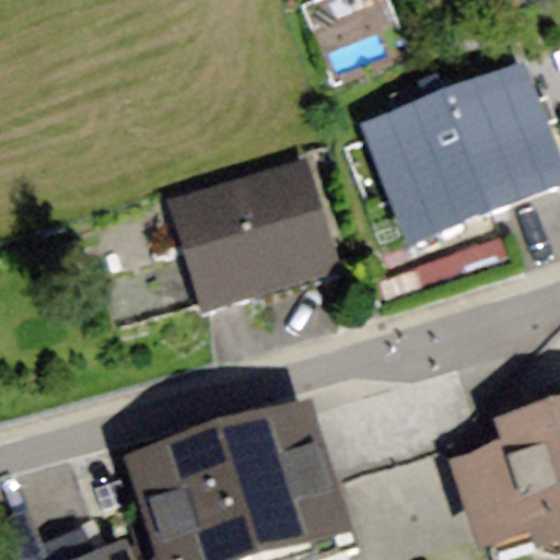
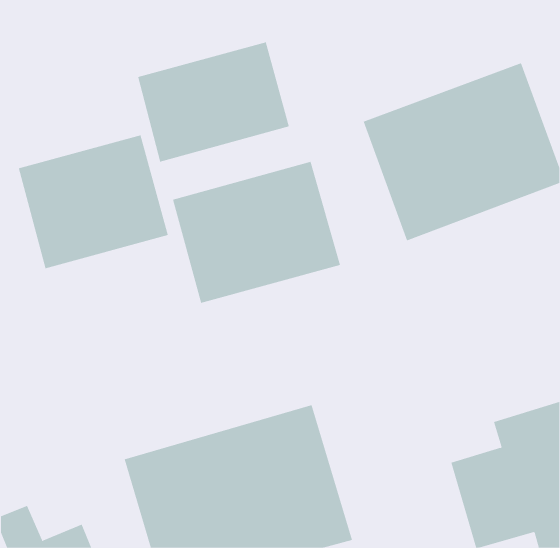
building: none -> [137,42,289,162]
building: none -> [18,135,168,269]

